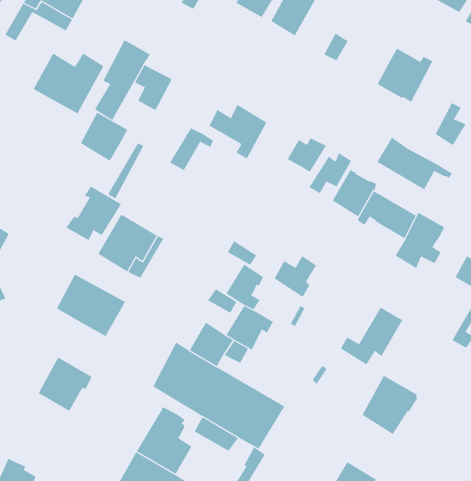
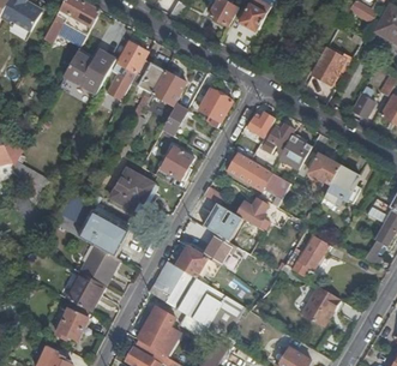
building: [80,112,128,162] -> [151,70,186,106]
building: [376,137,453,190] -> [227,151,282,190]
building: [65,186,122,241] -> [154,144,194,184]
building: none -> [80,244,120,284]
building: none -> [55,308,88,340]

